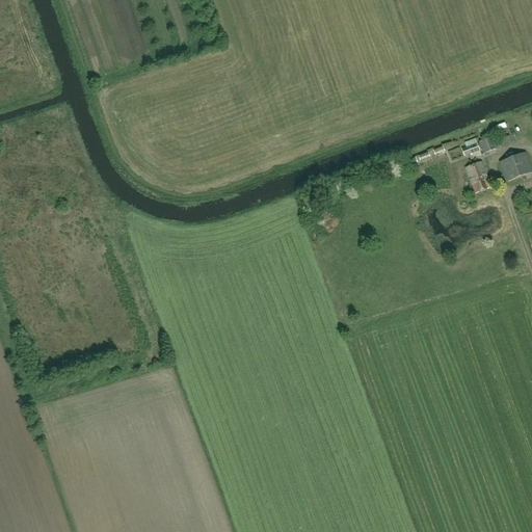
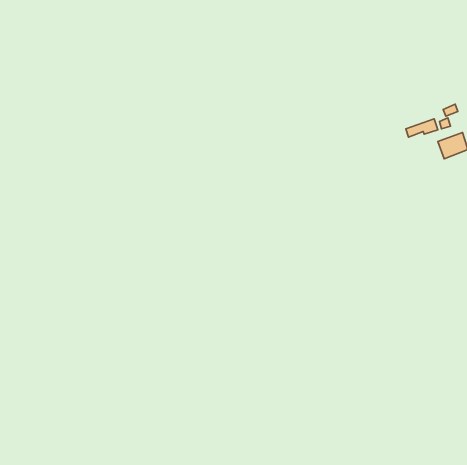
building: [466,161,490,192] -> none

